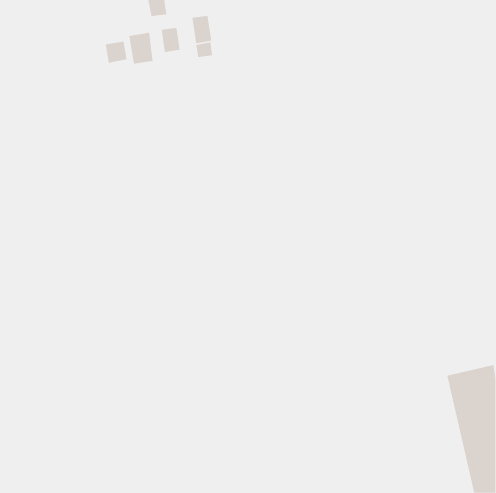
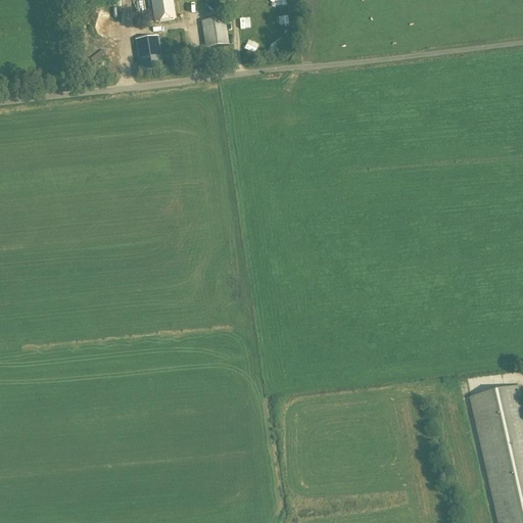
building: [161,27,180,53] -> none
building: [105,41,127,63] -> none

